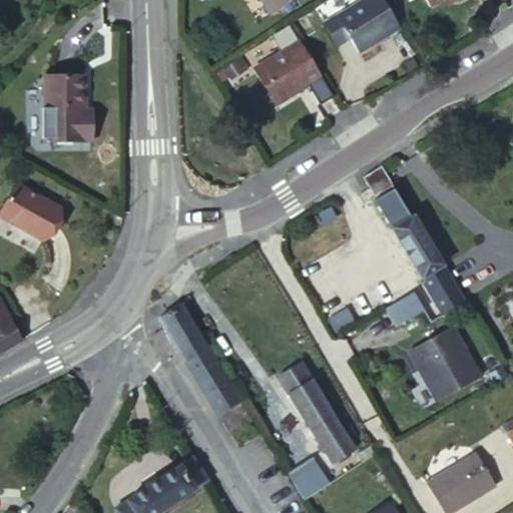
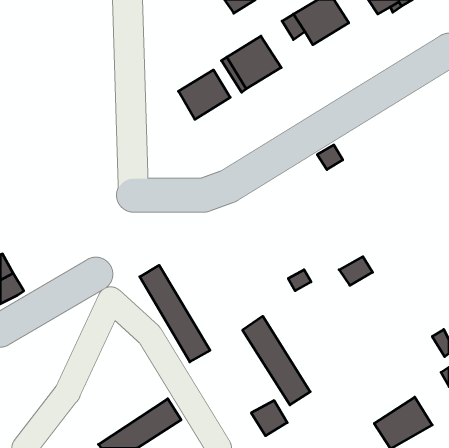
building: [46,76,96,142] -> none
building: none -> [178,70,230,119]
building: [6,186,68,242] -> none
building: [376,187,464,313] -> none
building: [414,328,480,397] -> none

